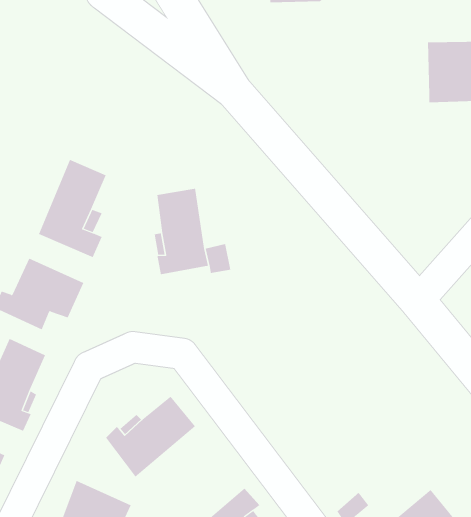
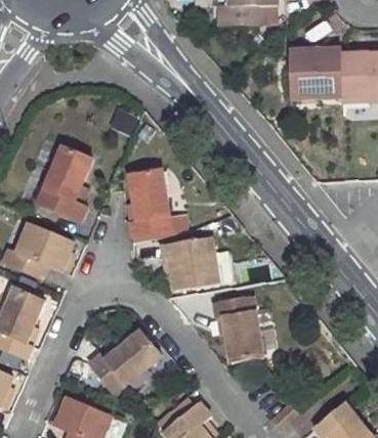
building: none -> [288,51,341,97]
building: none -> [171,236,226,289]
building: none -> [212,297,260,361]

